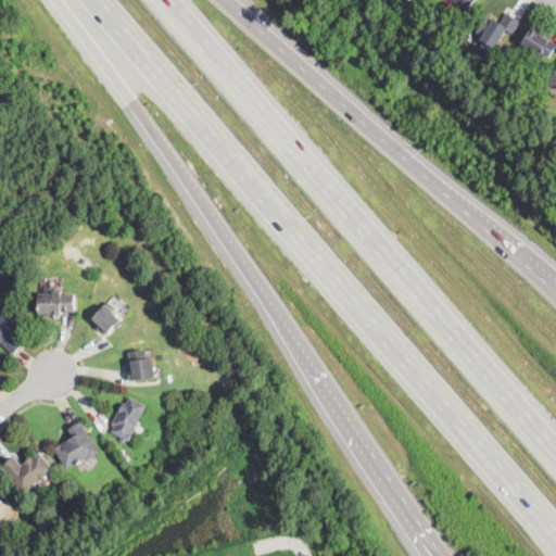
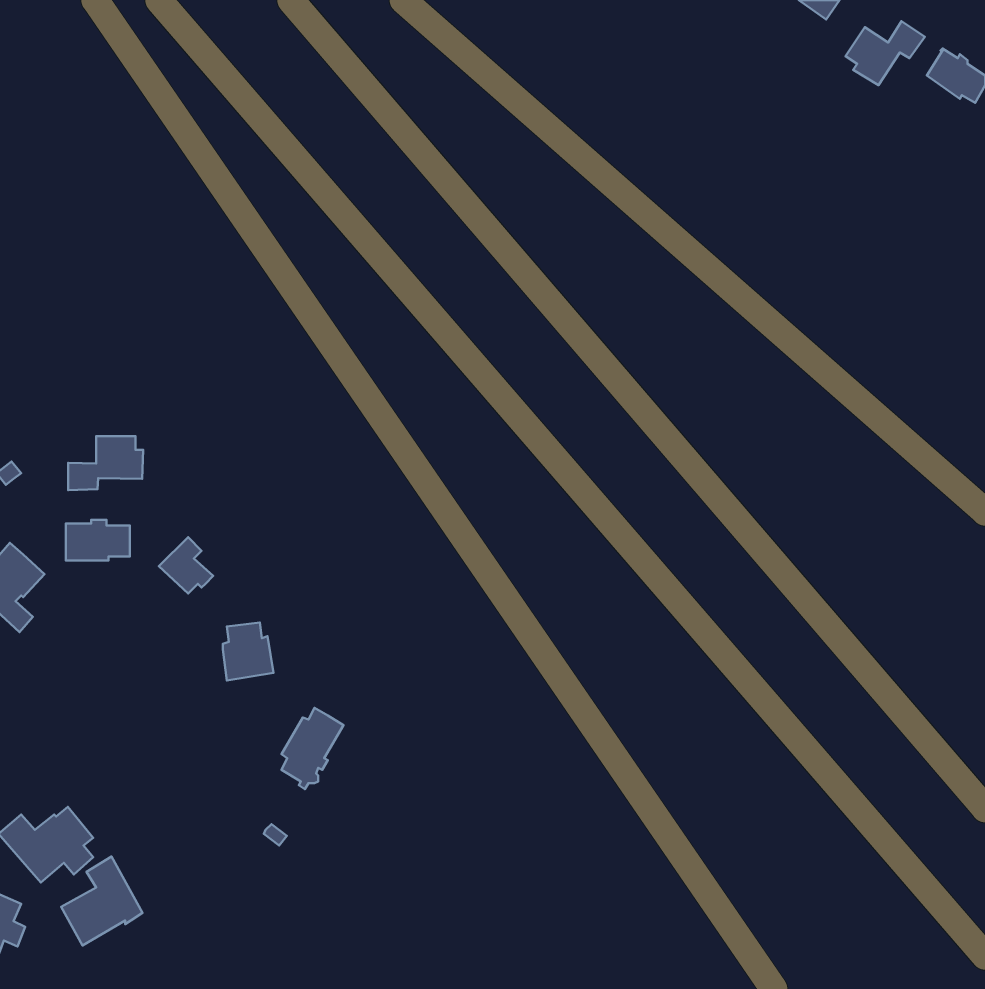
building: none -> [68,436,143,490]
building: [109,397,143,443] -> [281,708,343,789]
building: [51,421,97,471] -> [61,856,143,946]

